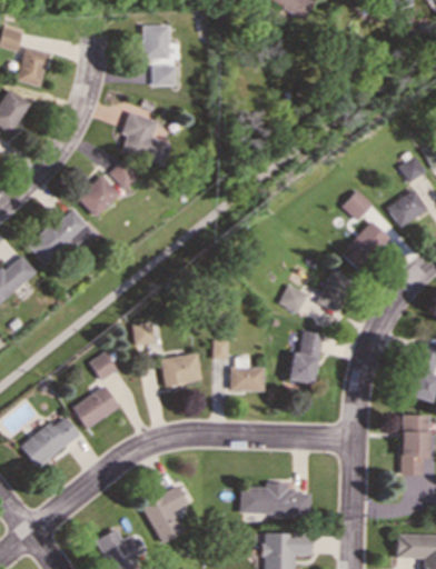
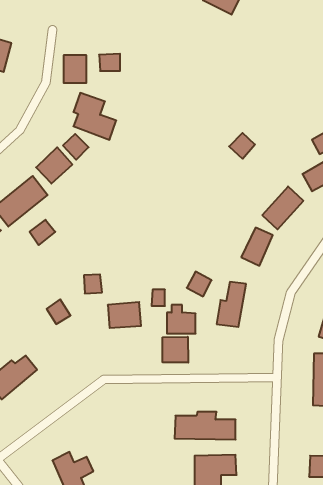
building: [142,26,169,58] -> [64,55,86,83]
building: [343,190,373,220] -> [229,133,255,159]
building: none -> [30,220,55,245]
building: [279,283,308,312] -> [187,272,212,296]
building: [72,387,119,427] -> none
building: none -> [163,337,188,363]
building: [142,487,187,543] -> none

